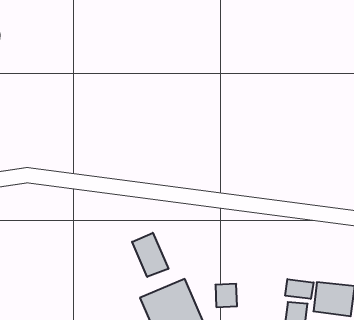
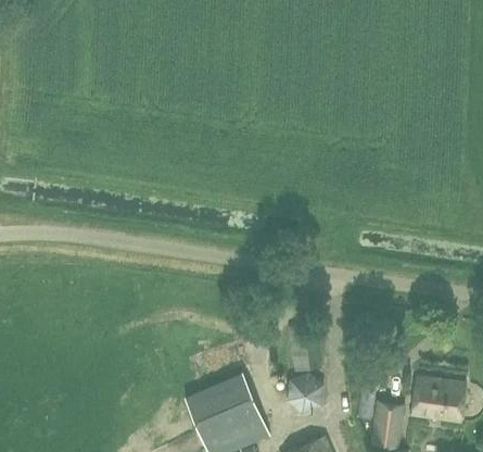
building: [132,233,168,277] -> none
building: [285,279,314,299] -> none

